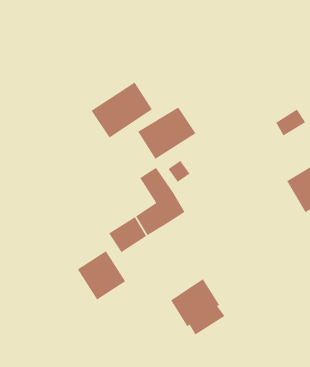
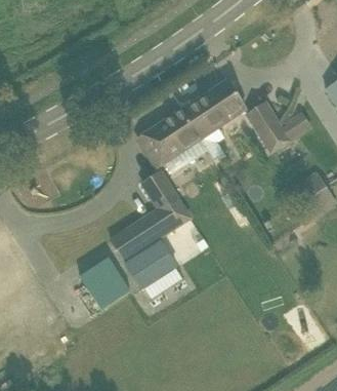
building: [91,81,153,139] -> [182,80,246,139]
building: none -> [248,103,281,138]
building: [170,278,225,335] -> [127,238,183,297]

